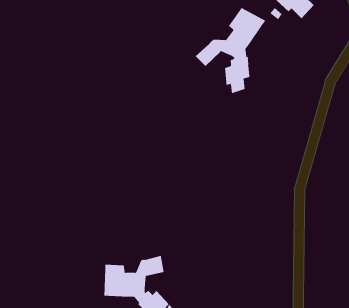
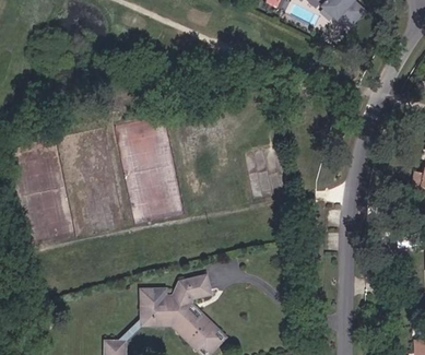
building: [195,7,266,94] -> none

